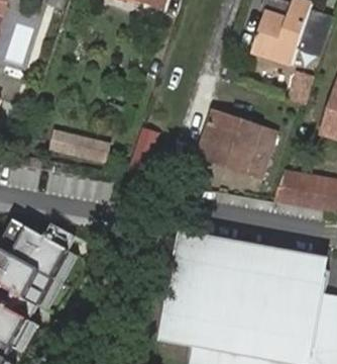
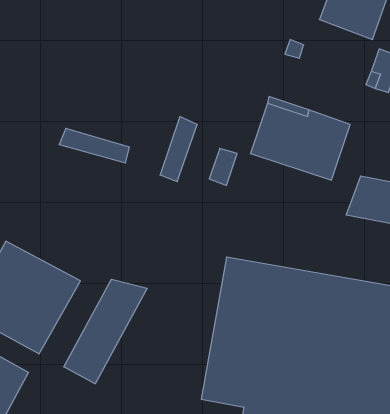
building: none -> [64,279,147,384]

